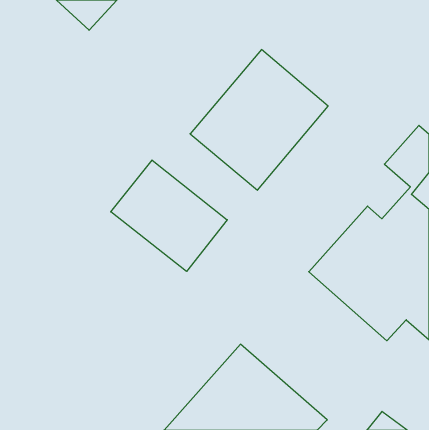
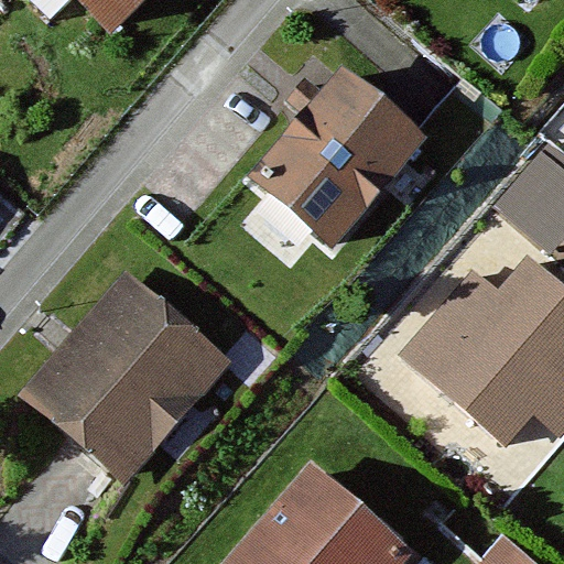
building: [111,160,227,271] -> none
building: none -> [18,280,228,491]

